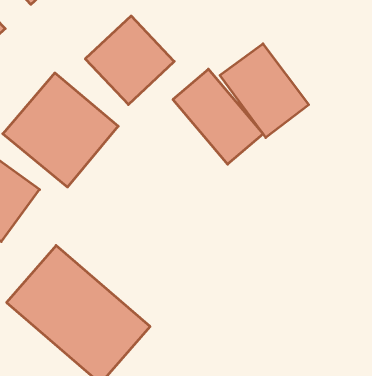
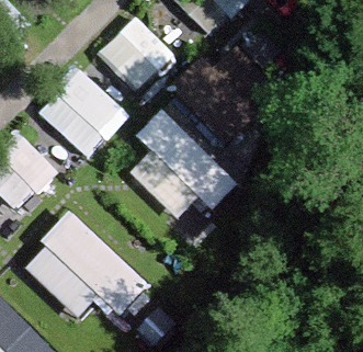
building: none -> [123,117,237,230]

